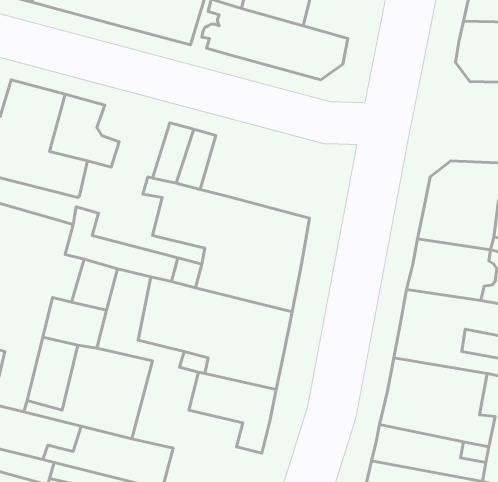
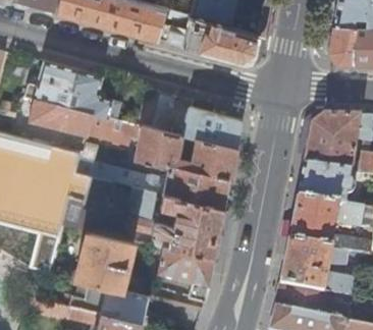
building: none -> [180,108,241,151]
building: none -> [87,114,130,146]

